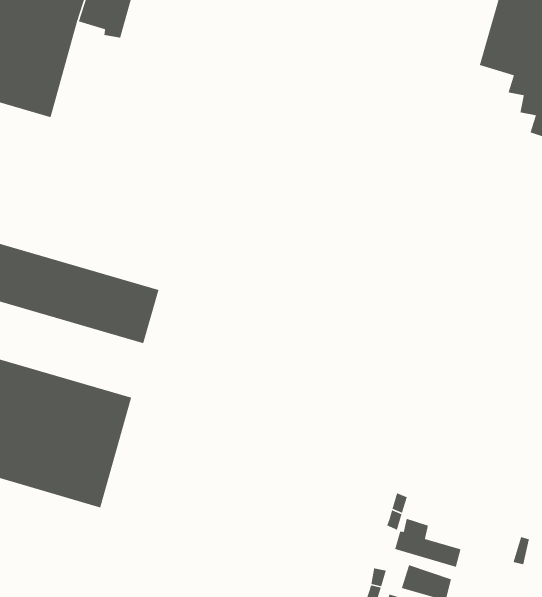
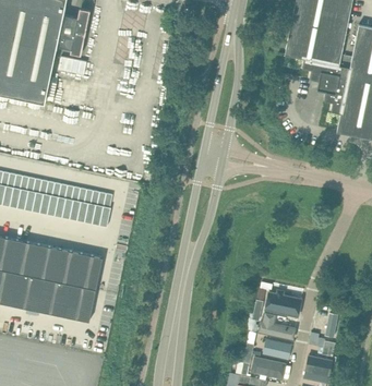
building: none -> [264,290,302,317]

